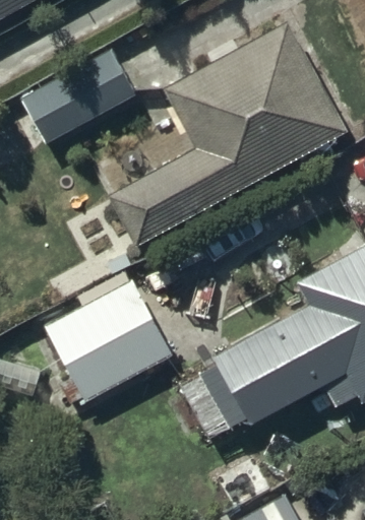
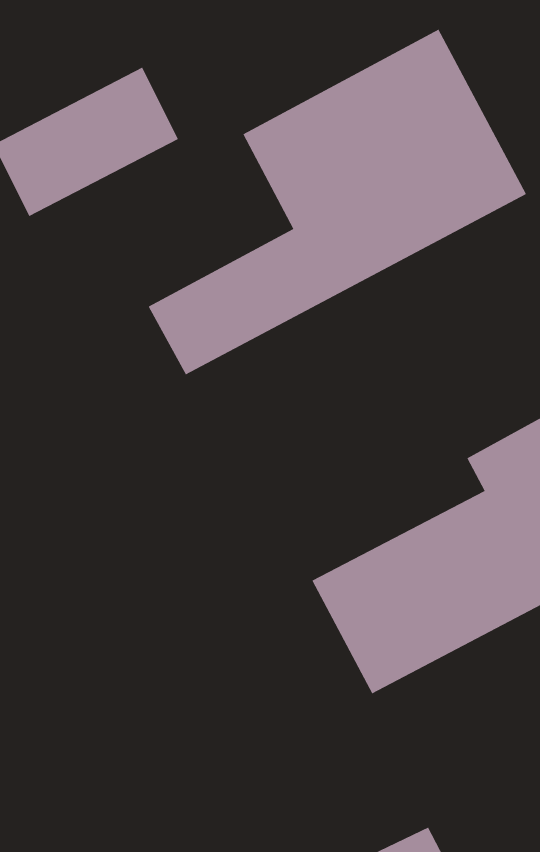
building: [44,284,169,399] -> none

